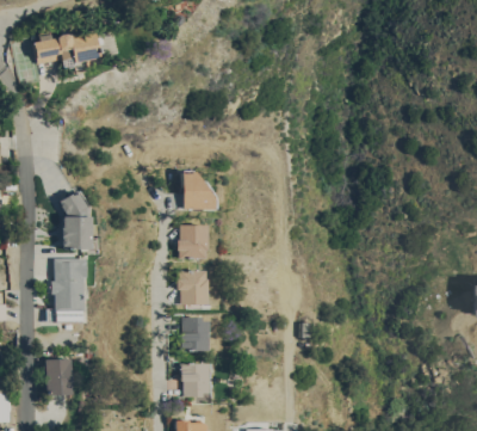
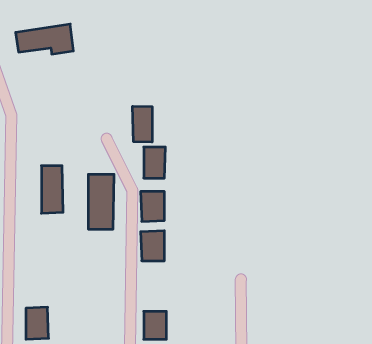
building: none -> [133,106,152,142]
building: [55,258,85,321] -> [88,174,114,229]
building: [181,318,209,351] -> none

